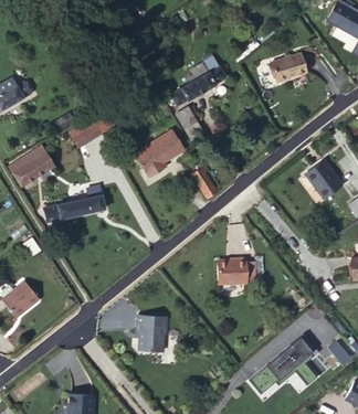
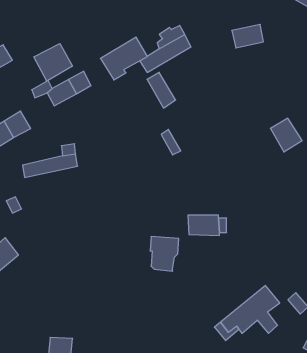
building: none -> [34,44,72,81]
building: [133,127,183,173] -> [100,37,147,80]
building: [139,315,170,352] -> [150,237,179,271]

